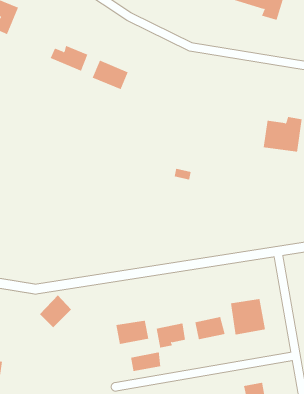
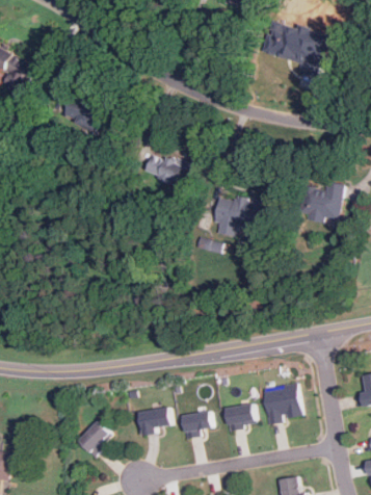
building: [92,60,129,90] -> [144,152,185,185]
building: none -> [213,193,265,235]
building: [39,294,72,328] -> [75,419,111,457]
building: [130,352,161,372] -> none

